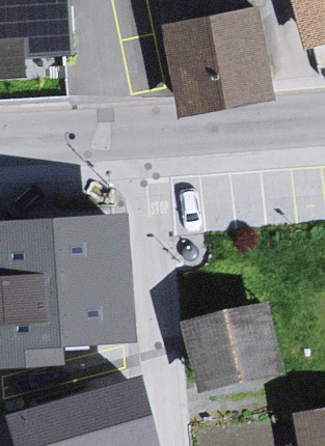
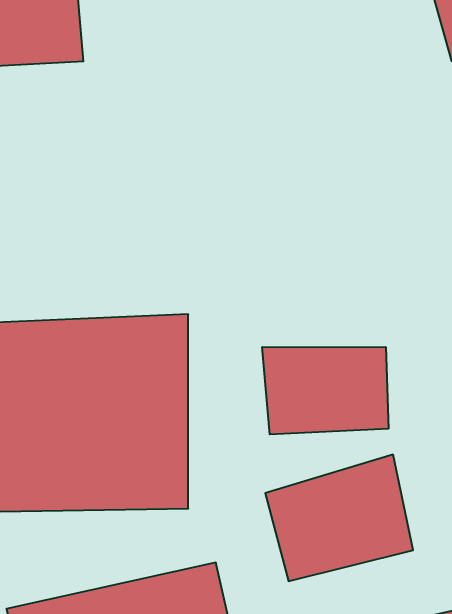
building: [161,10,275,116] -> none
building: none -> [262,347,388,434]

